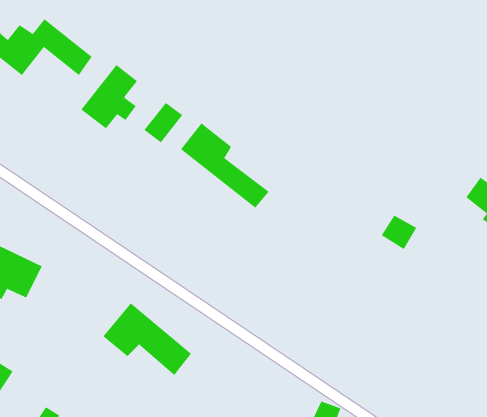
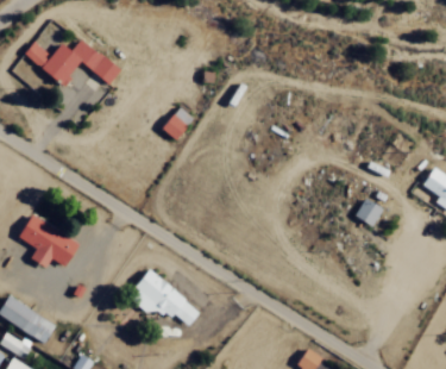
building: [80,64,138,129] -> none
building: [180,122,269,209] -> none

